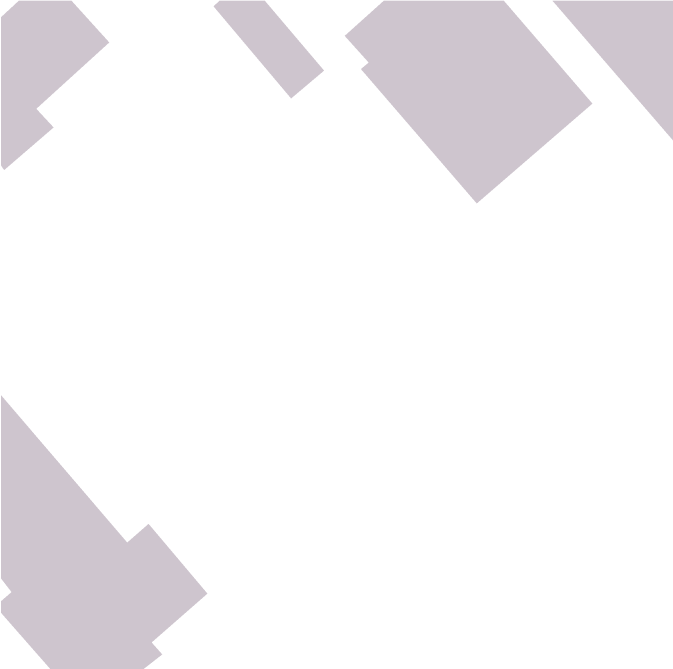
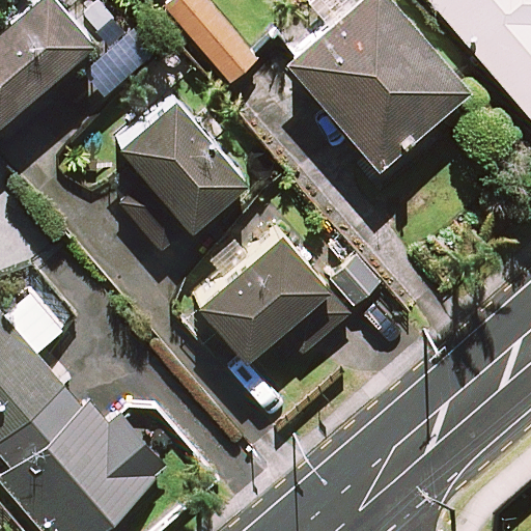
building: none -> [119,97,244,251]
building: none -> [197,231,380,357]

